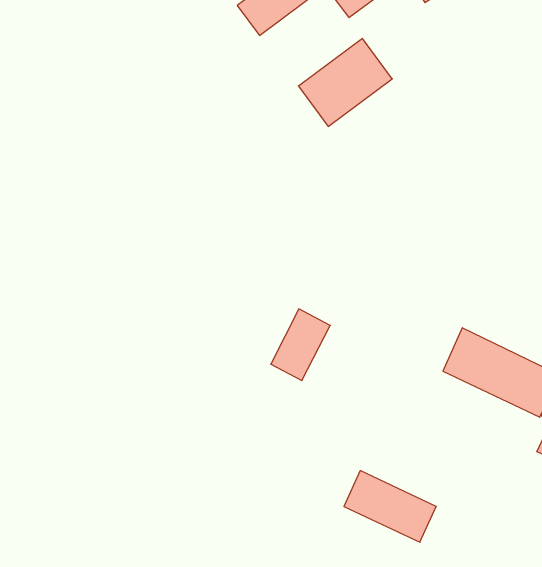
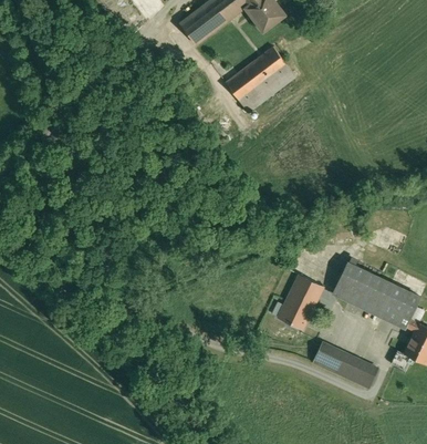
building: [271,309,330,381] -> [277,275,321,328]
building: [344,471,436,542] -> [309,342,377,395]

